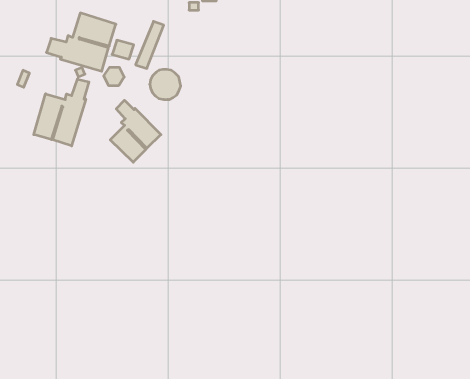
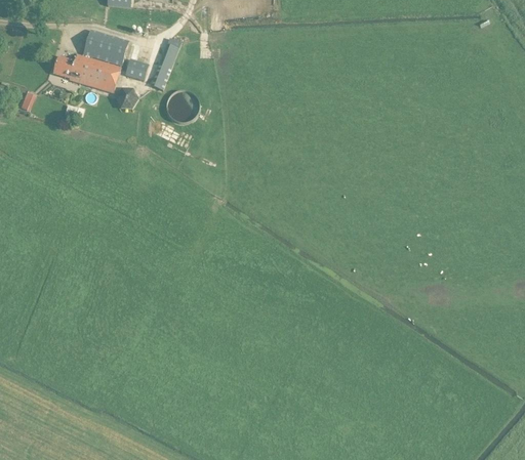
building: [34,79,89,146] -> none
building: [110,100,161,162] -> none

